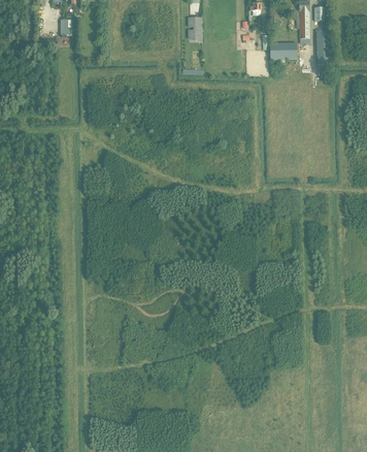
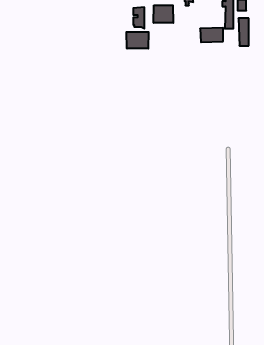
building: none -> [154,5,173,23]
building: none -> [126,32,149,49]

